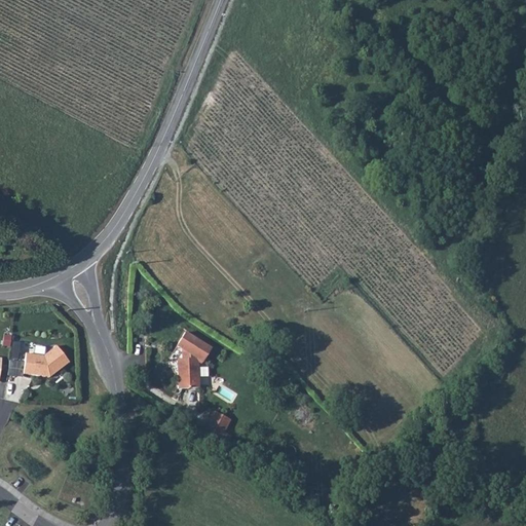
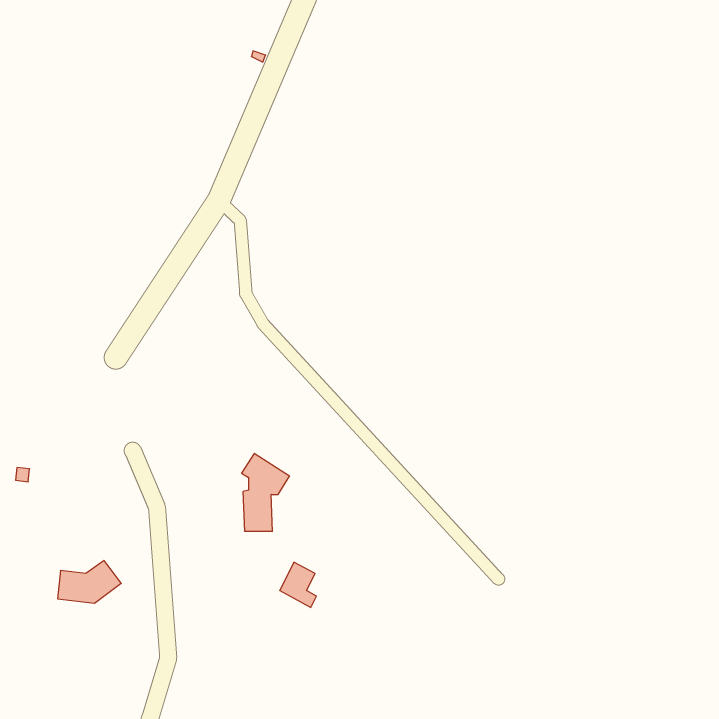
building: [25,344,71,375] -> [58,561,121,603]

